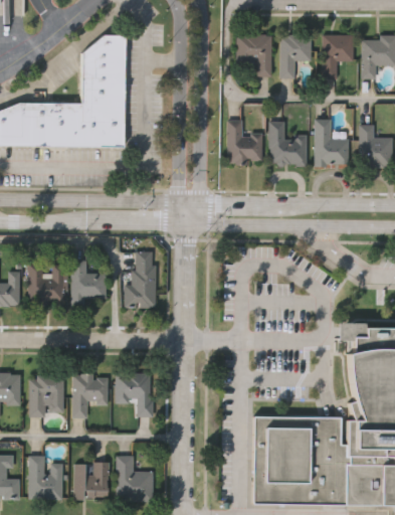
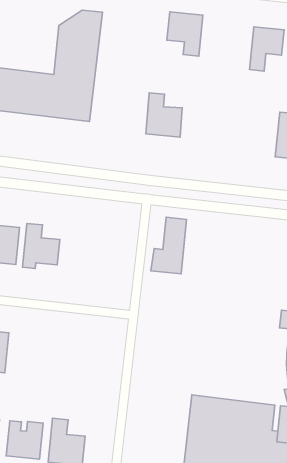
building: [238,34,272,76] -> [167,12,203,56]
building: [227,121,263,163] -> [146,93,182,137]
building: [269,122,308,166] -> none
building: [123,249,154,306] -> [151,217,187,274]
building: [71,373,107,416] -> none
building: [115,374,152,414] -> none

